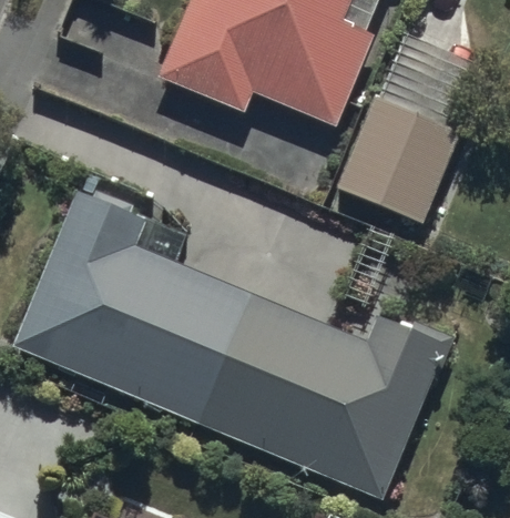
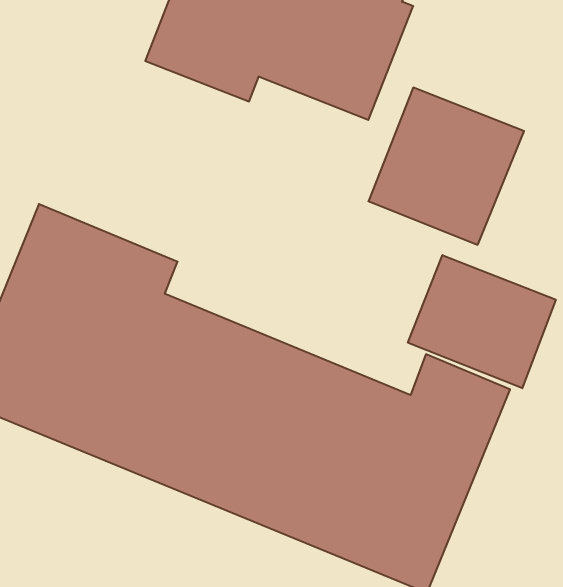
building: none -> [408,255,556,388]

